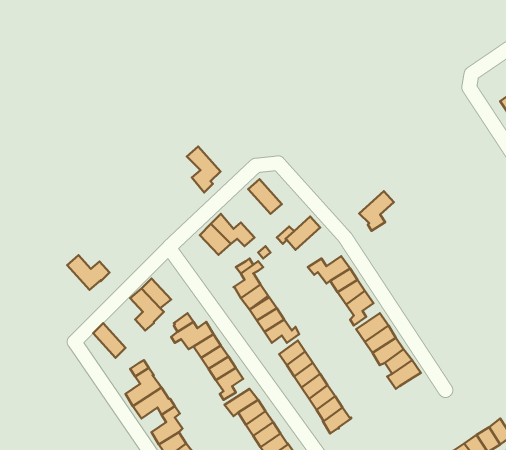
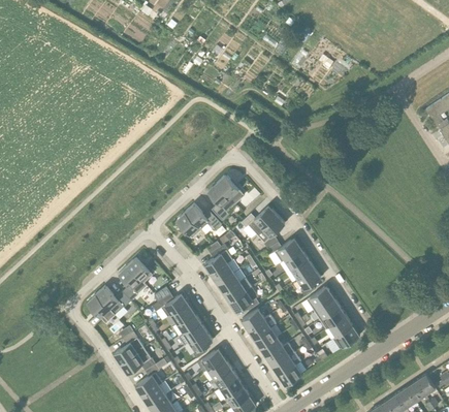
building: [187,147,220,192] -> [207,183,235,221]
building: [359,191,394,231] -> [256,215,285,248]
building: [67,255,109,290] -> [96,286,131,315]

